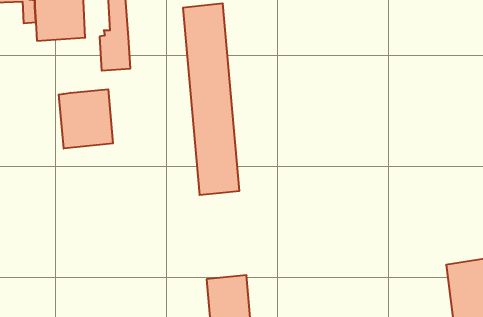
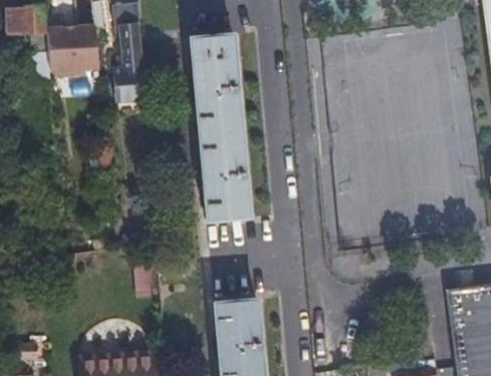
building: [59,89,113,149] -> none

